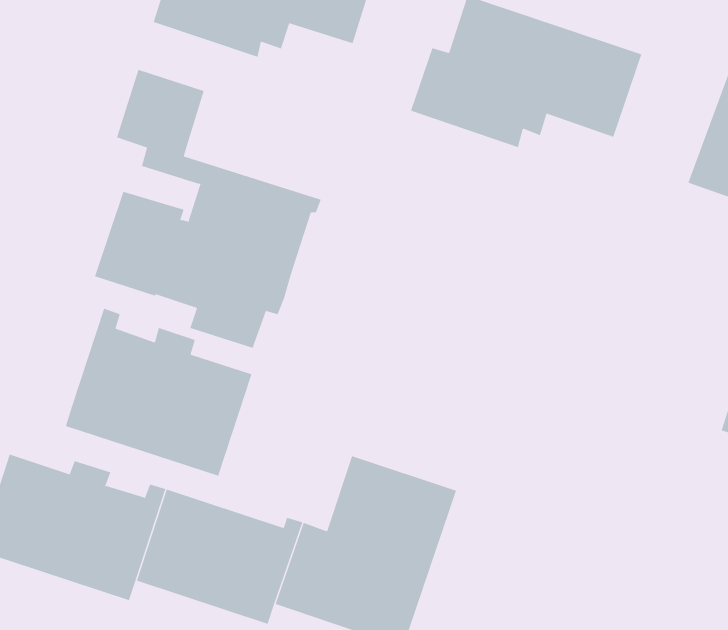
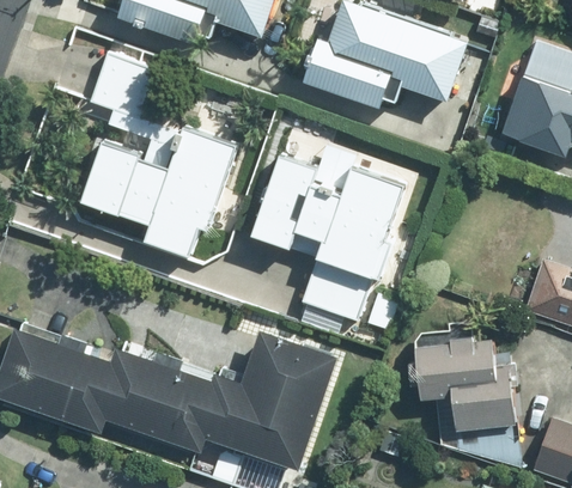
building: none -> [251,144,406,322]
building: [65,308,252,476] -> none
building: none -> [408,322,515,431]

